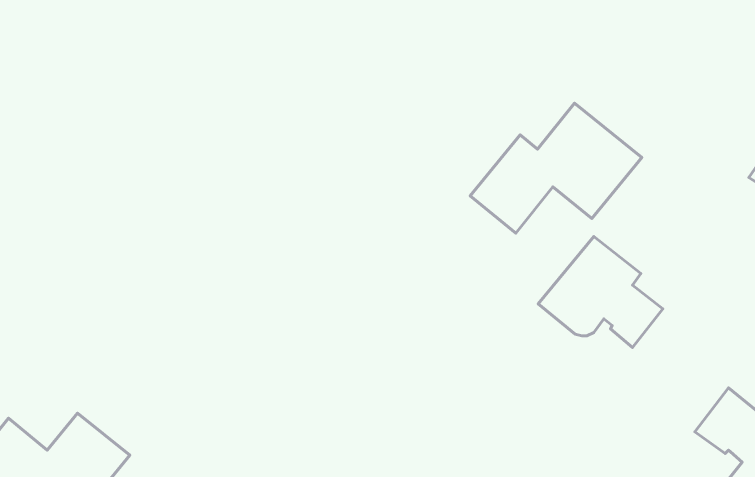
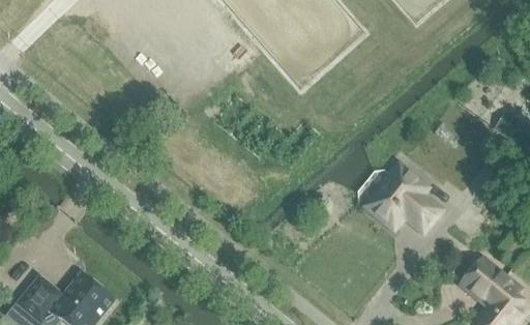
building: [470,103,642,233] -> none

